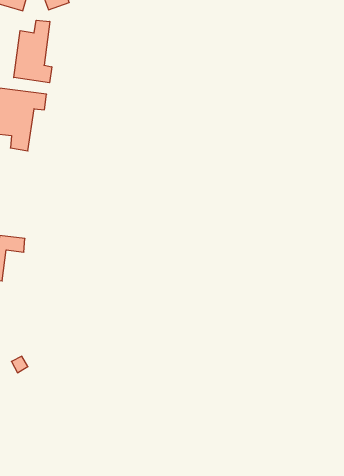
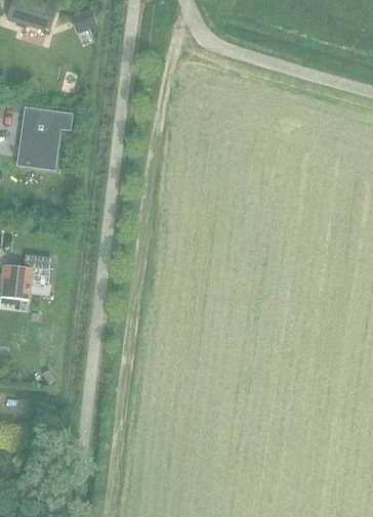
building: [14,20,52,83] -> none

